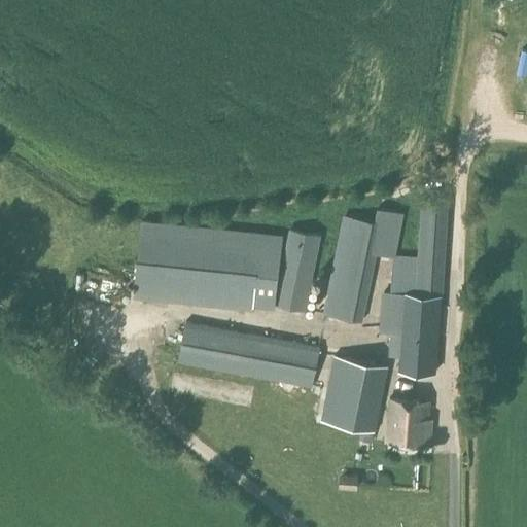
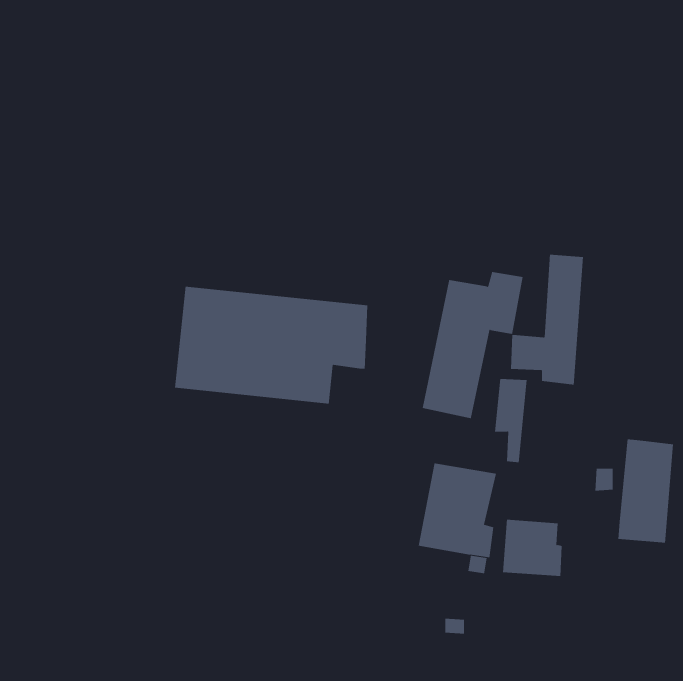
building: [274,231,321,312] -> none
building: [398,294,442,375] -> [618,439,674,543]
building: [178,323,319,388] -> none

